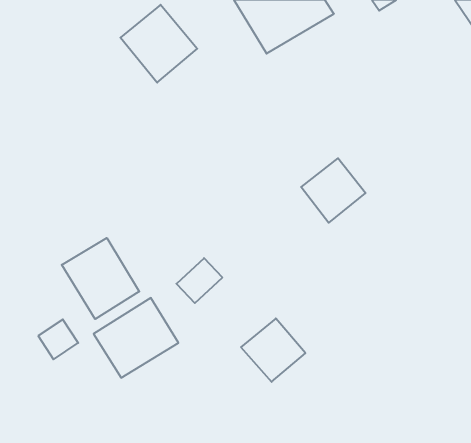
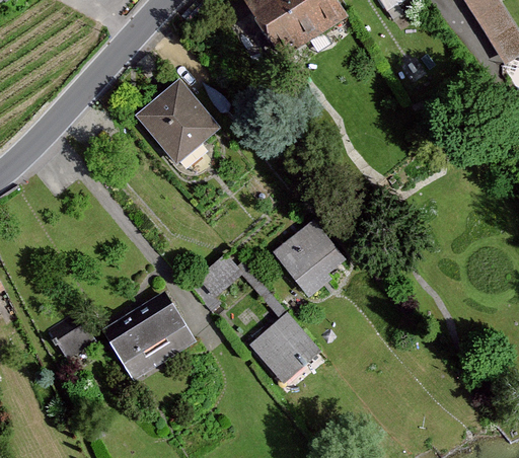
building: [120,5,197,83] -> [140,83,216,160]
building: [301,158,366,223] -> [279,224,343,288]
building: [62,238,139,319] -> none

